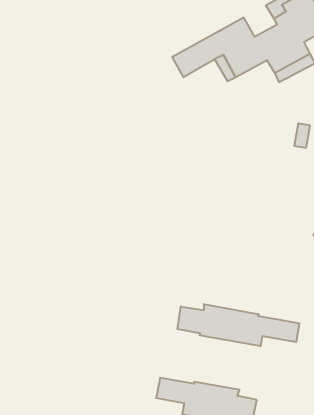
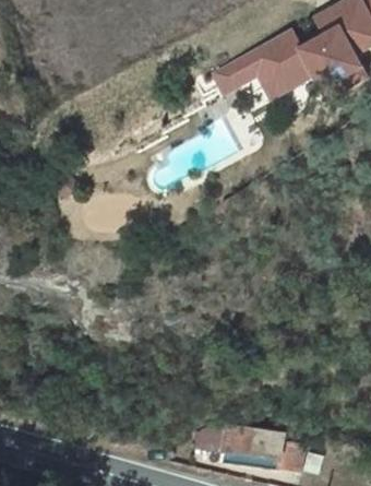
building: [178,304,299,346] -> none

